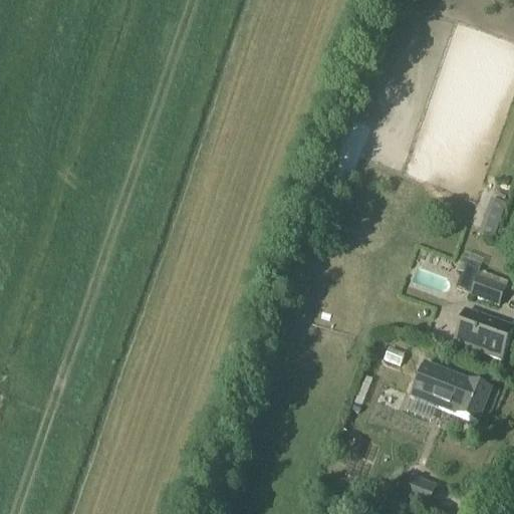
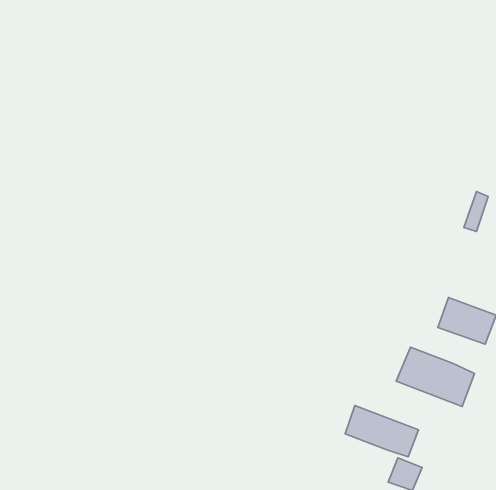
building: [470,273,505,302] -> none
building: none -> [345,405,419,457]

